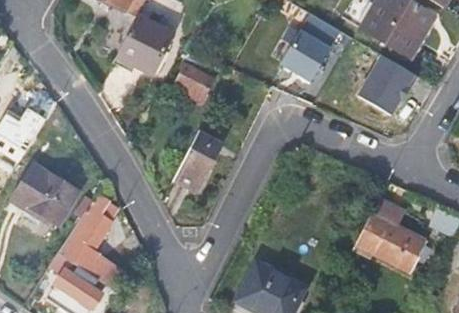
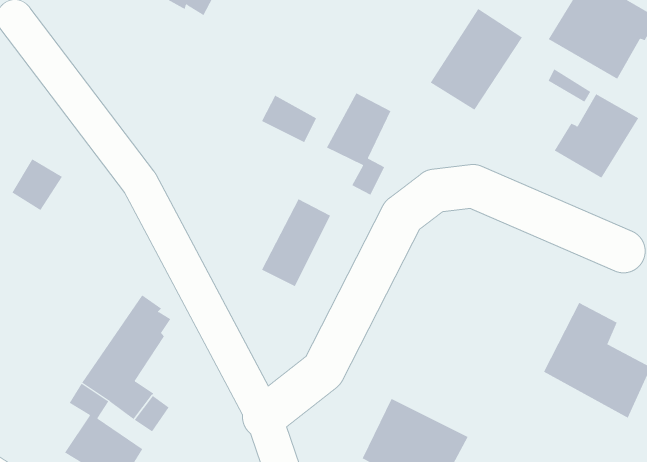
building: [116,16,171,74] -> none
building: none -> [326,92,391,196]
building: [10,165,79,226] -> none

